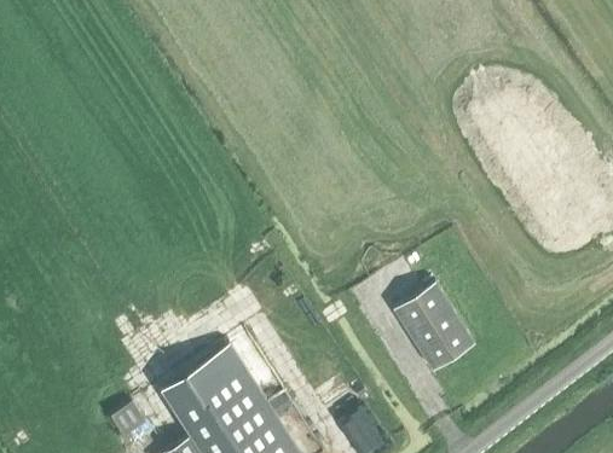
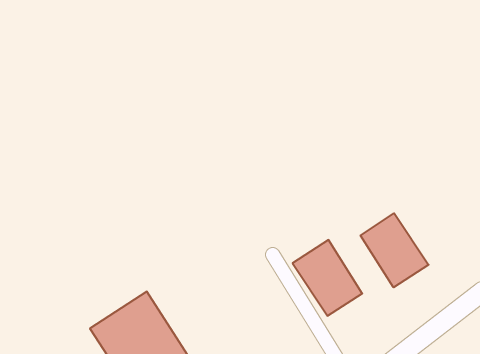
building: none -> [361,213,429,287]

